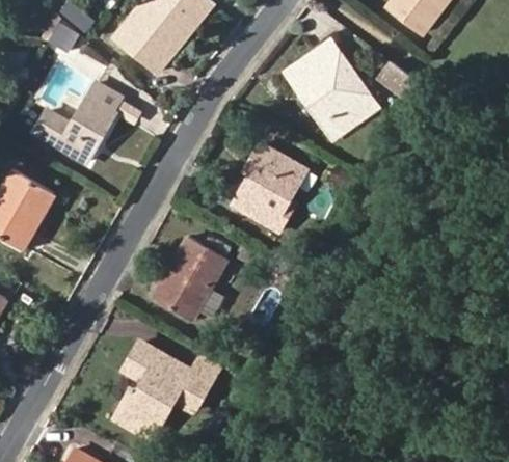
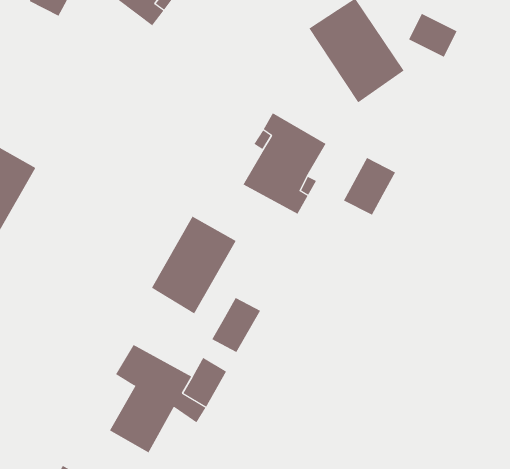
building: [34,80,122,160] -> none
building: none -> [343,157,396,216]
building: none -> [211,297,261,353]

